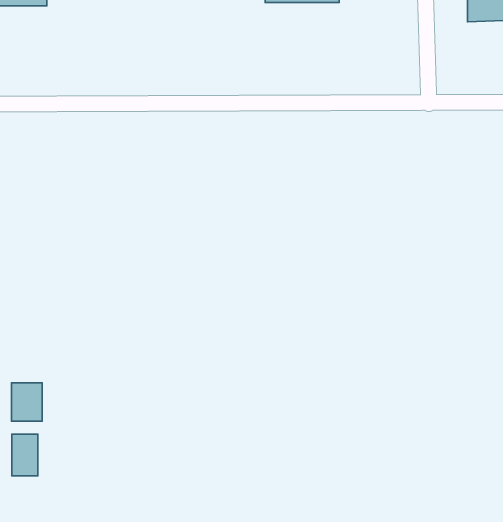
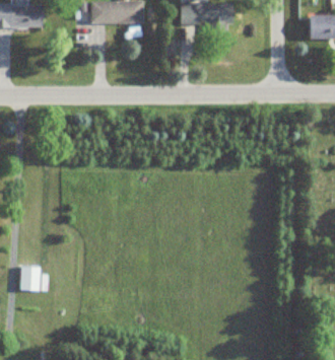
building: [12,434,38,476] -> none

